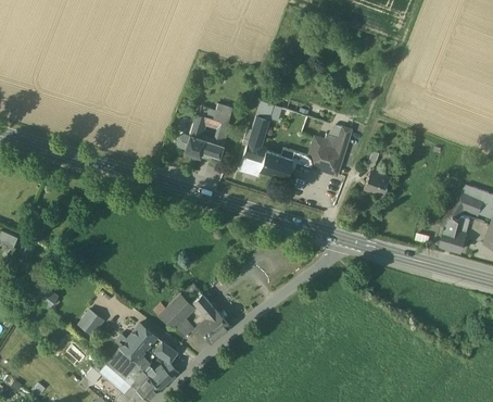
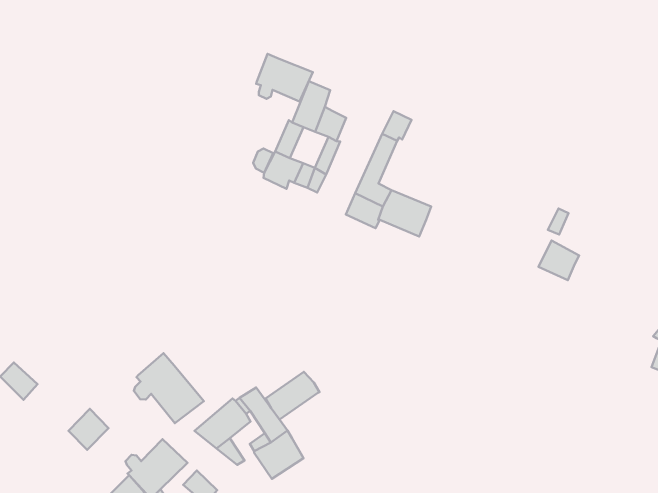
building: none -> [256,54,313,101]
building: [292,128,351,175] -> none
building: none -> [134,353,204,423]
building: none -> [265,372,320,420]

